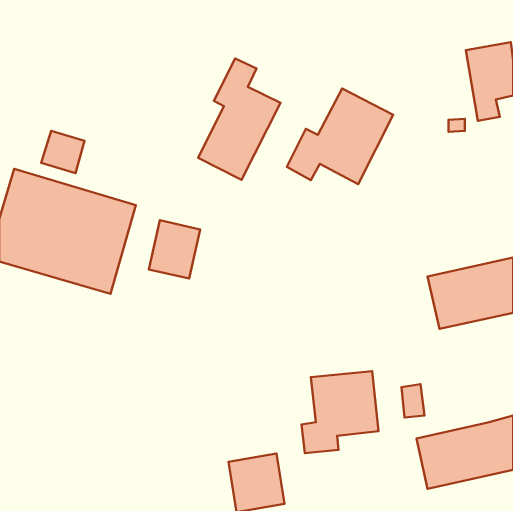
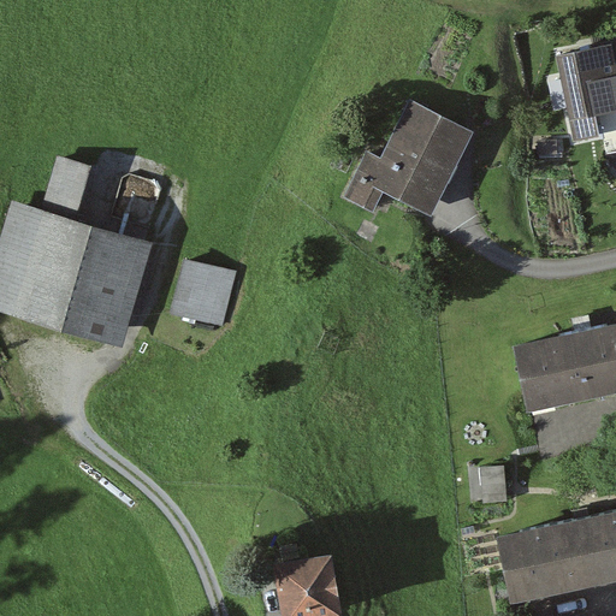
building: [198,59,281,180] -> none
building: [301,371,378,453] -> none

